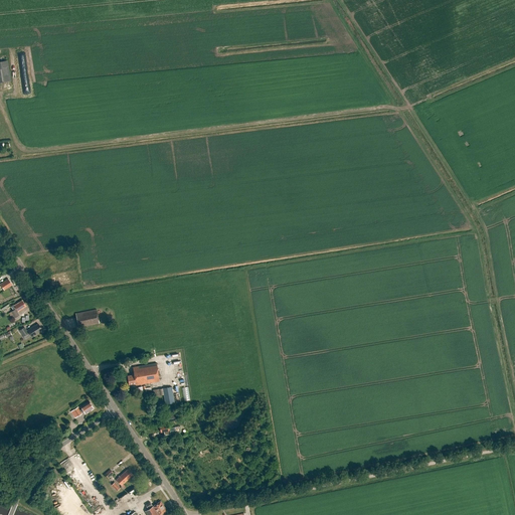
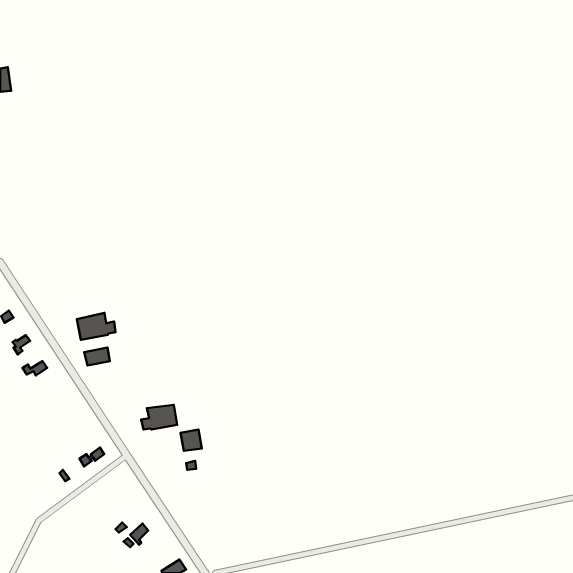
building: none -> [77,313,116,340]

